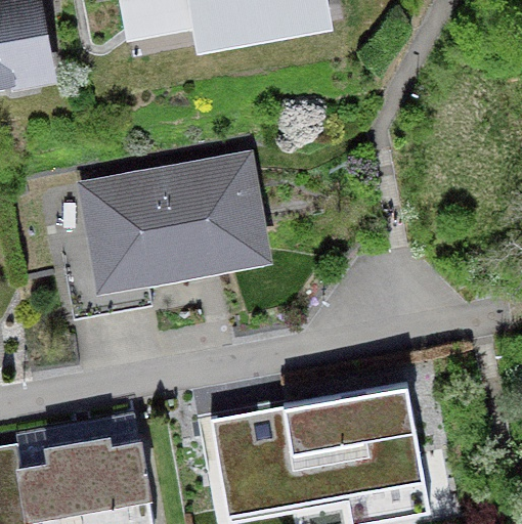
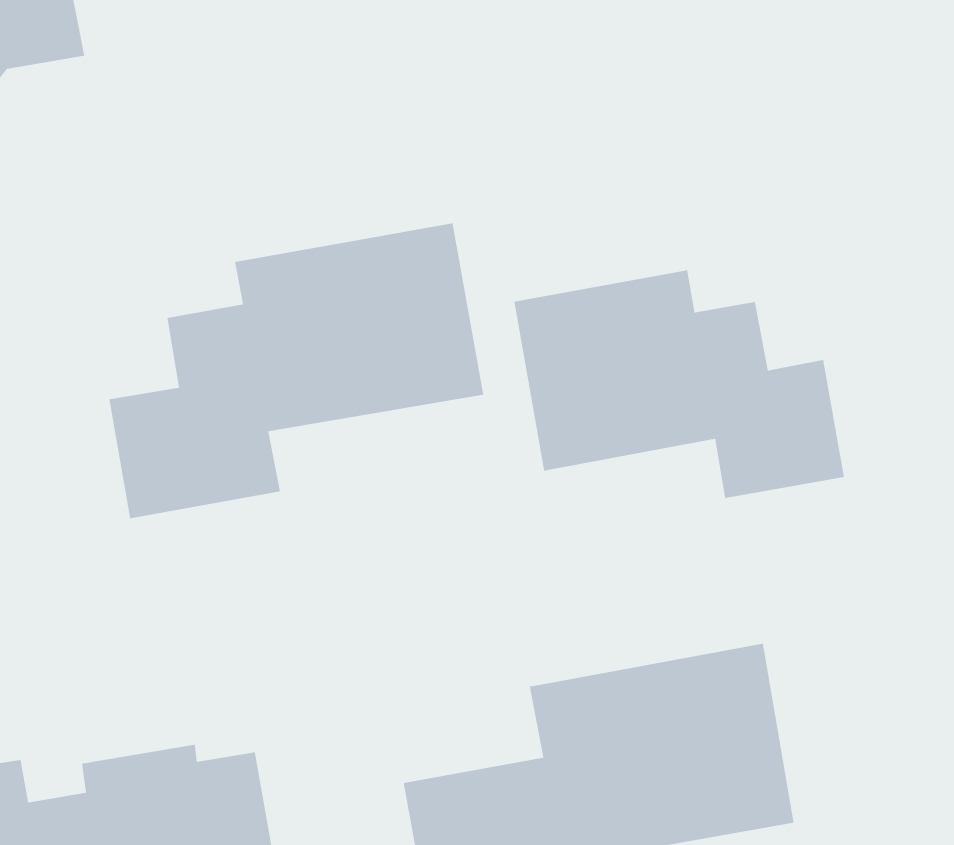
building: none -> [514,270,845,499]

